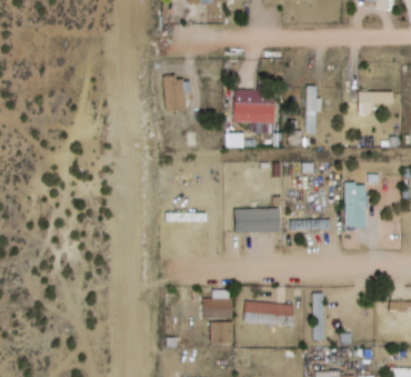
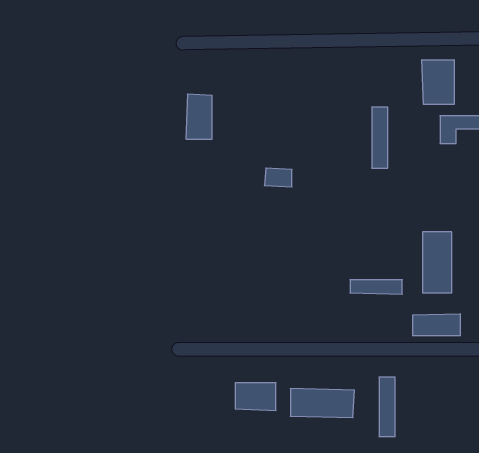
building: none -> [422,60,454,104]
building: [233,91,278,125] -> none
building: [234,209,280,232] -> none
building: none -> [413,314,460,336]

